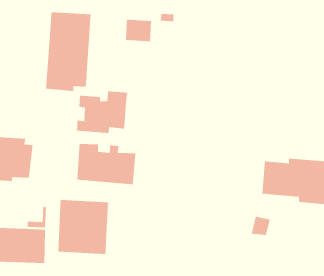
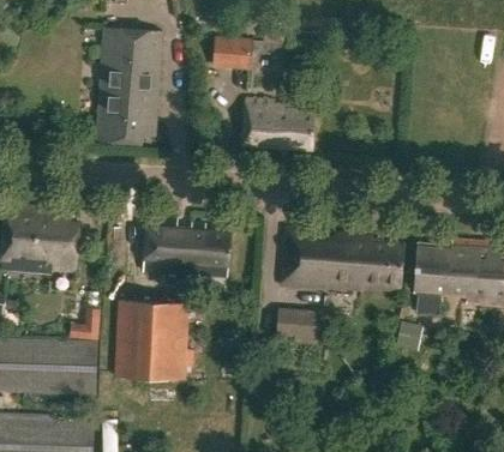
building: [76,91,128,134] -> [240,92,316,155]
building: none -> [278,228,403,291]
building: none -> [274,312,319,346]

